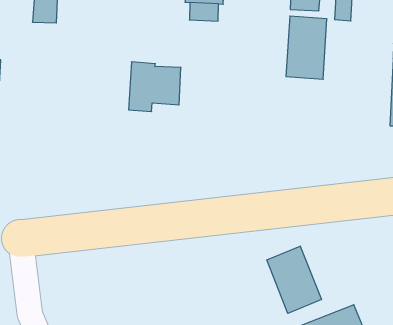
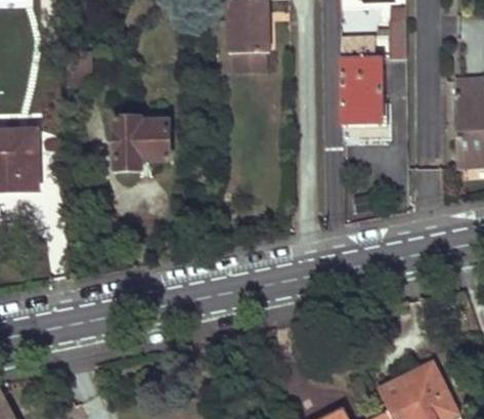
building: [129,62,181,112] -> [115,118,169,169]
building: [267,246,321,313] -> none

